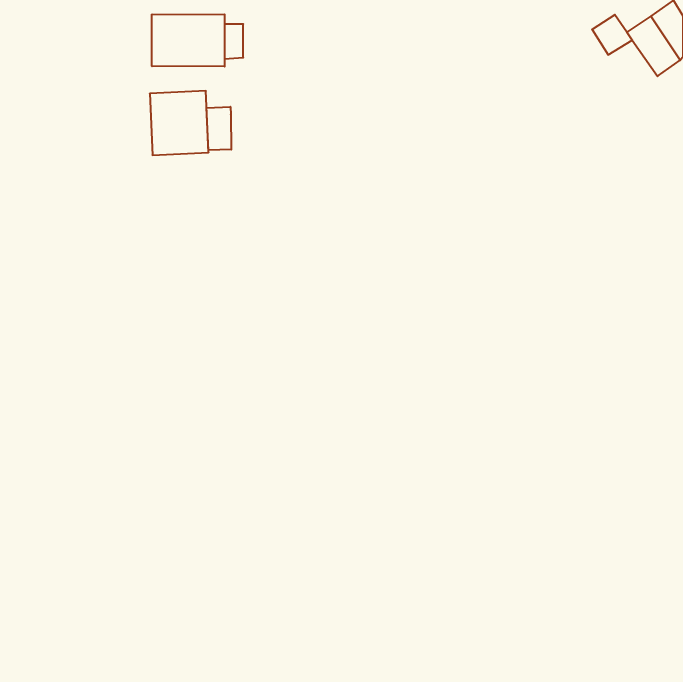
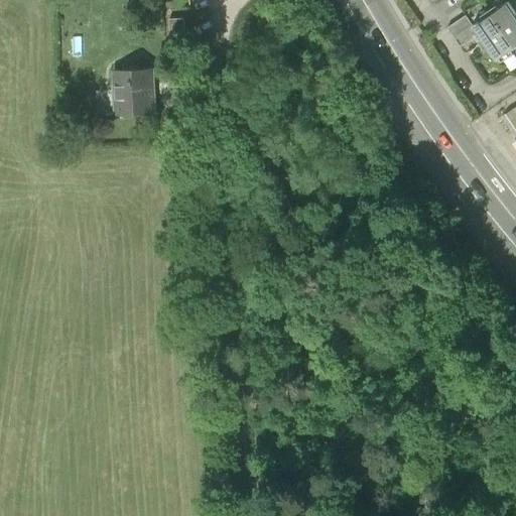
building: [152,14,225,67] -> none
building: [207,107,231,150] -> none

